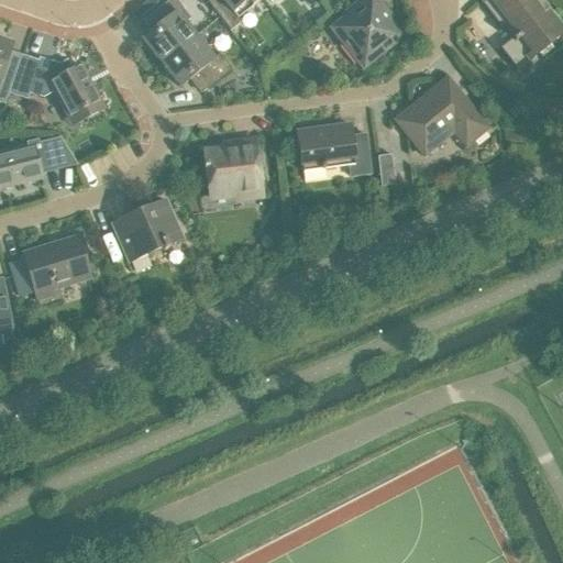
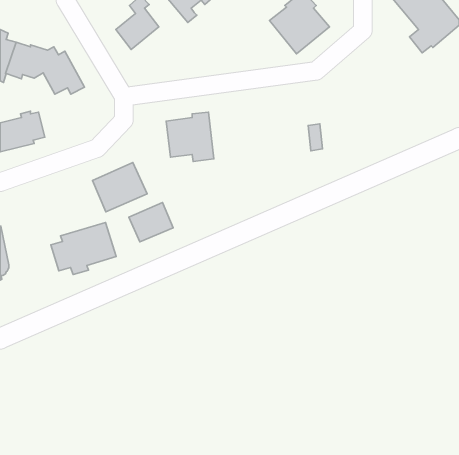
building: [161,33,231,90] -> none
building: [395,76,488,154] -> none
building: [297,122,371,174] -> none
building: [10,234,90,298] -> [51,222,116,275]
building: none -> [129,202,173,242]

